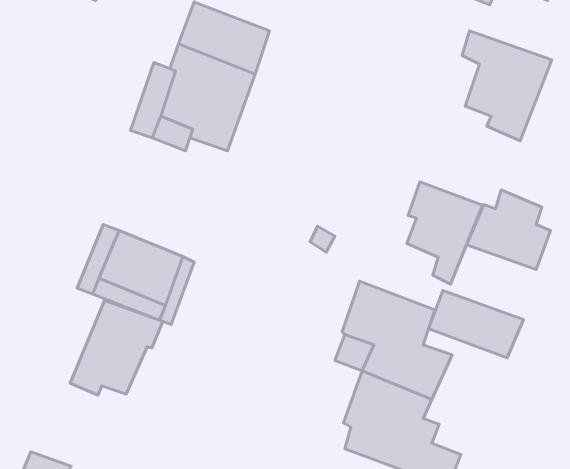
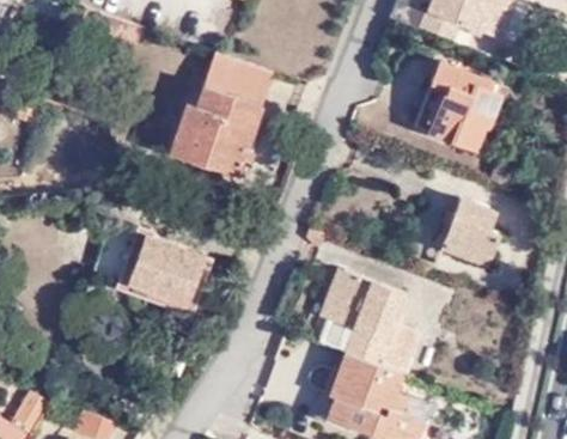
building: [407,182,483,284] -> none
building: [428,290,524,358] -> none
building: [70,300,163,395] -> none

